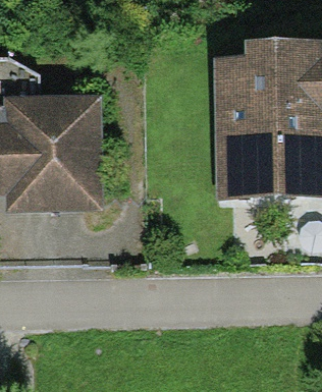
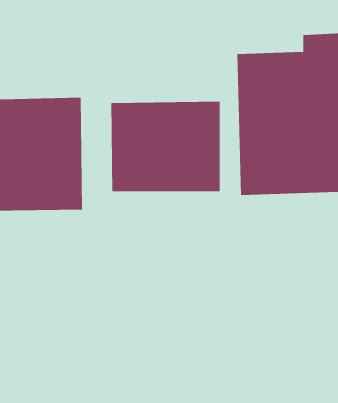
building: none -> [111,101,220,192]

